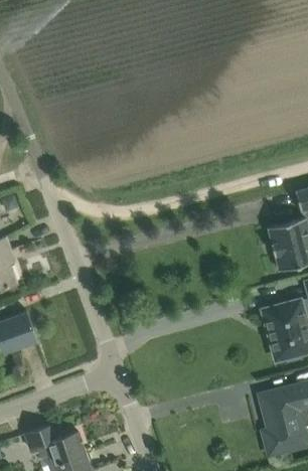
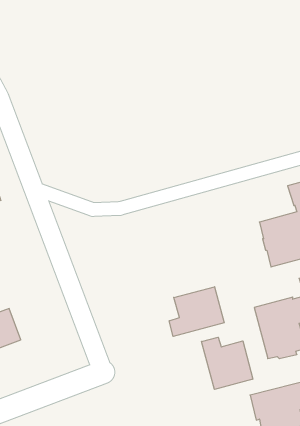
building: none -> [169,287,224,336]
building: none -> [202,337,253,389]

